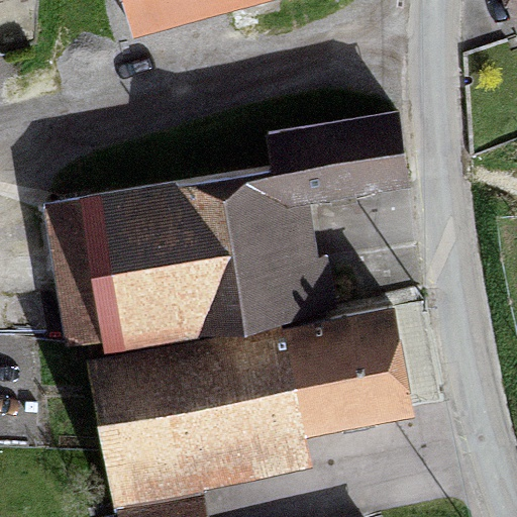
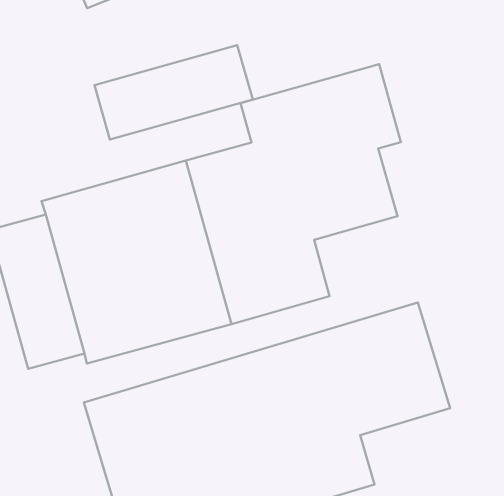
building: none -> [94,45,253,139]

